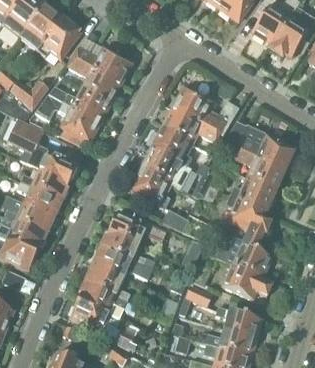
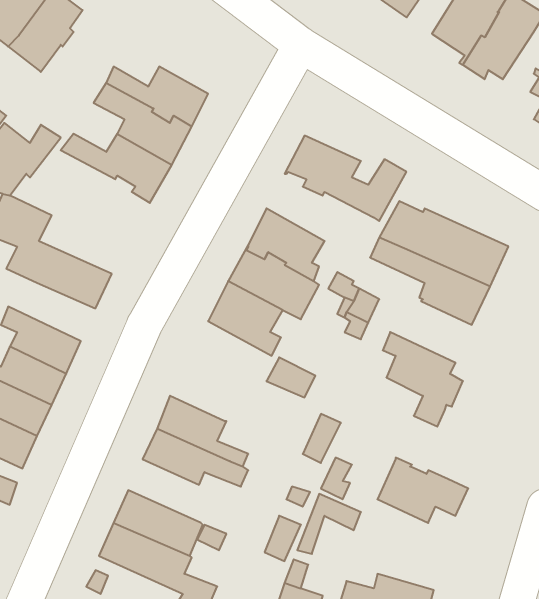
building: [38,17,80,57] -> none
building: [35,94,98,140] -> none
building: [162,106,221,144] -> none
building: [20,167,68,199] -> none
building: [230,175,275,211] -> none
building: [109,210,166,243] -> none
building: [206,236,271,275] -> none
building: [86,264,130,299] -> none
building: [215,306,260,336] -> none

